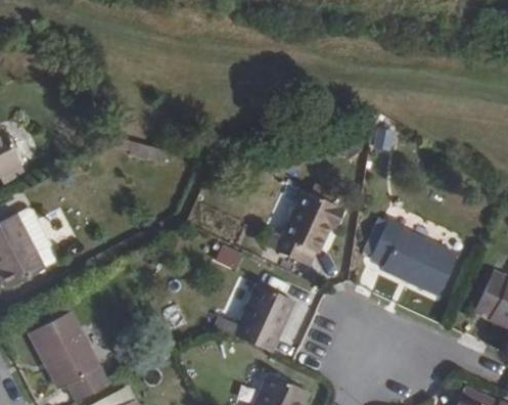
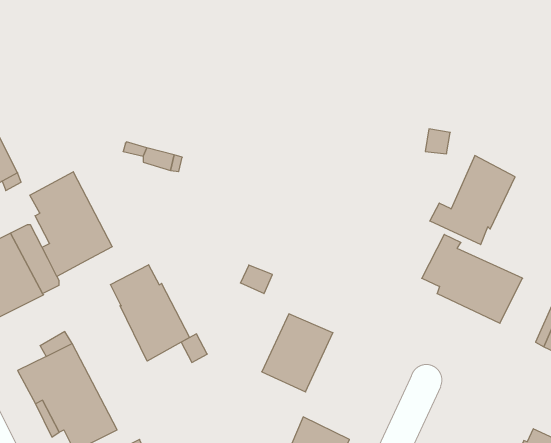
building: none -> [30,172,112,276]
building: [265,189,338,266] -> [430,156,515,245]
building: none -> [110,265,190,361]

